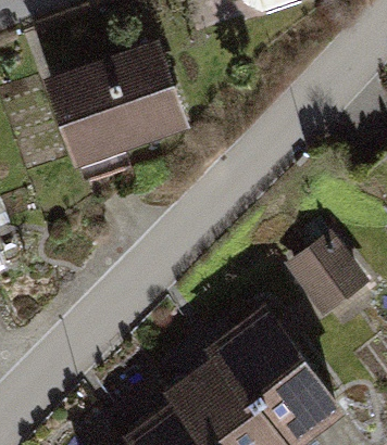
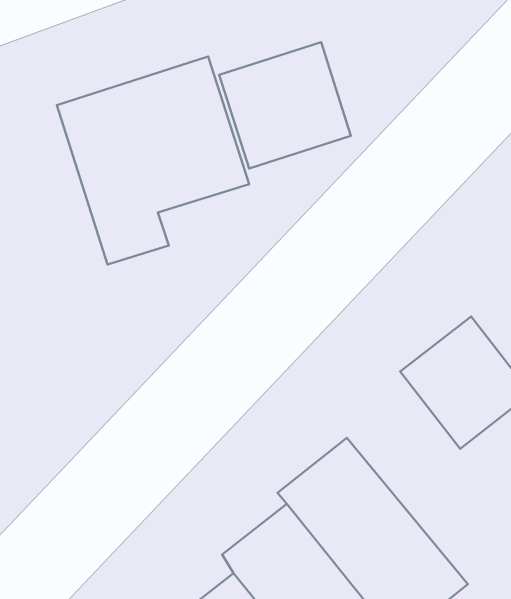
building: none -> [219,42,351,168]

